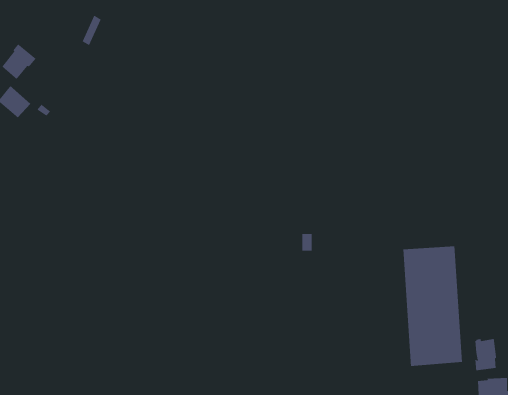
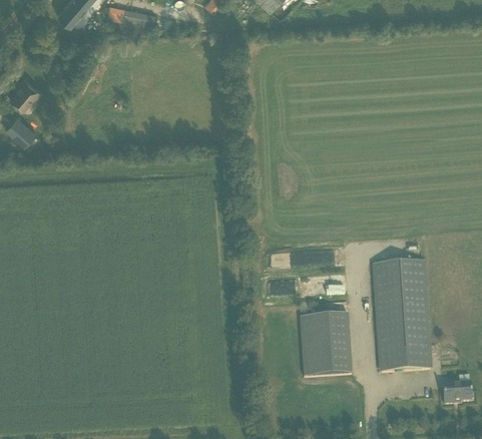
building: none -> [300,312,351,375]
building: [475,338,497,371] -> none

